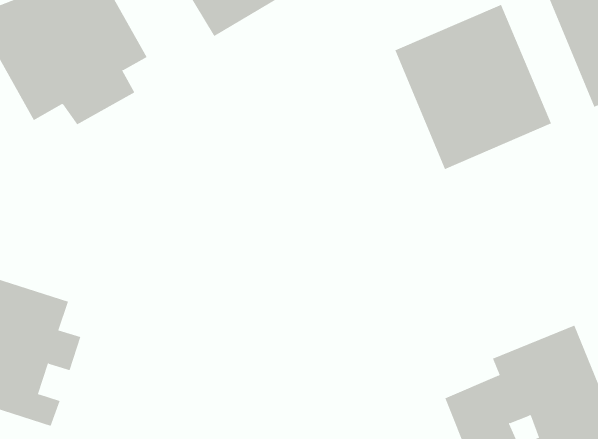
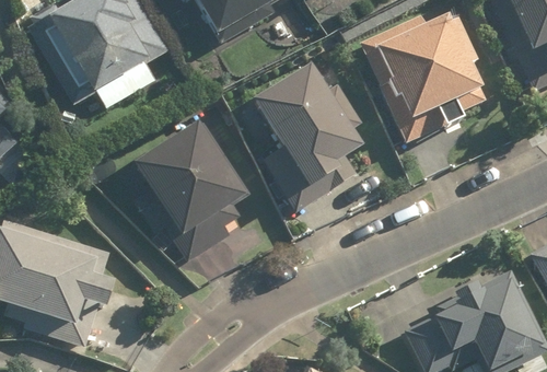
building: none -> [255,67,363,214]
building: none -> [135,119,248,263]

